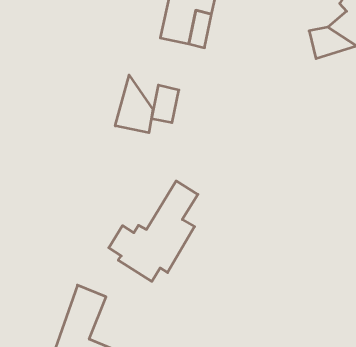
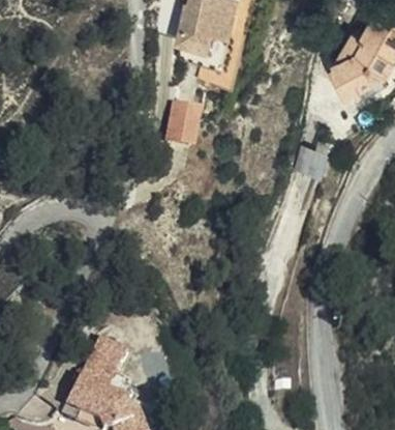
building: [115,75,153,133] -> none
building: [109,181,198,281] -> none

